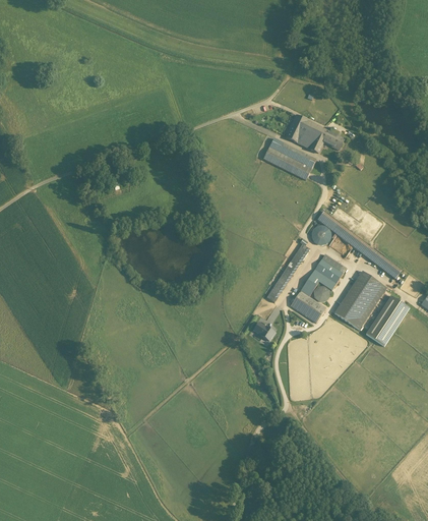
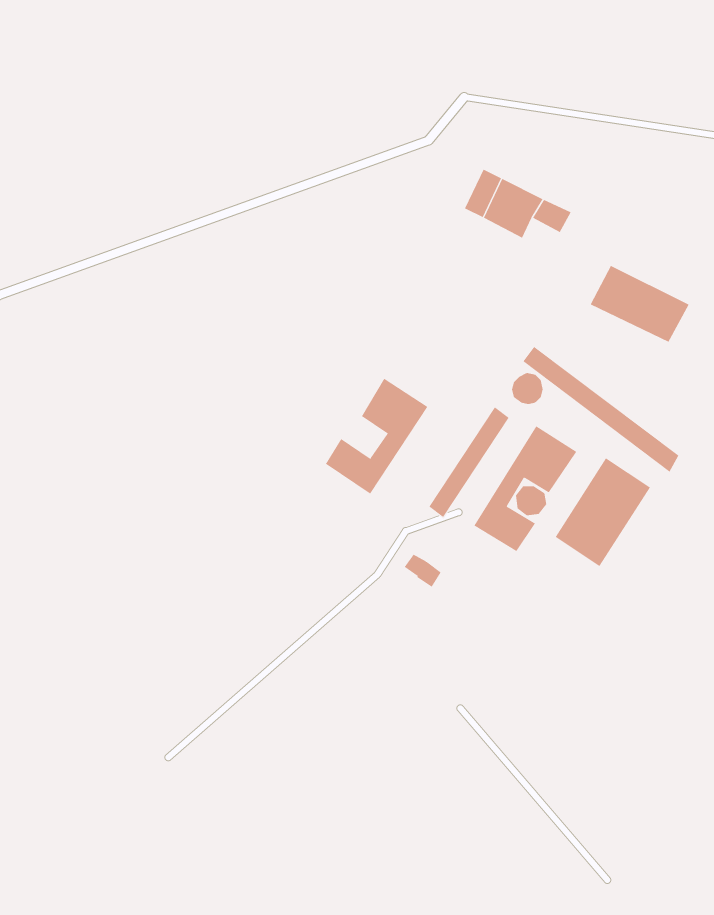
building: [261,137,315,179] -> [590,265,690,342]
building: none -> [325,378,428,494]
building: [364,295,410,347] -> none

